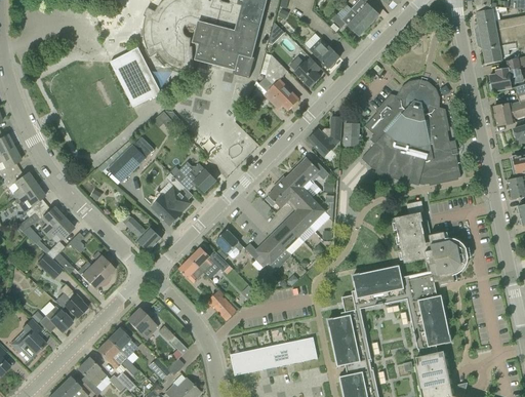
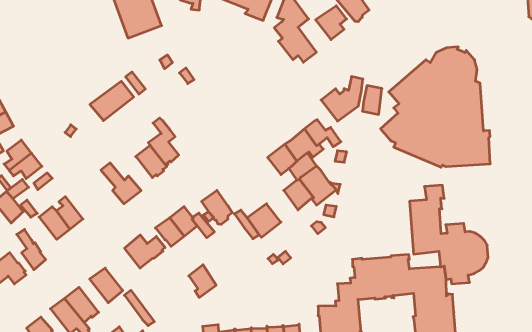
building: [173,162,216,191] -> none
building: [272,222,299,249] -> none
building: none -> [125,235,165,268]

